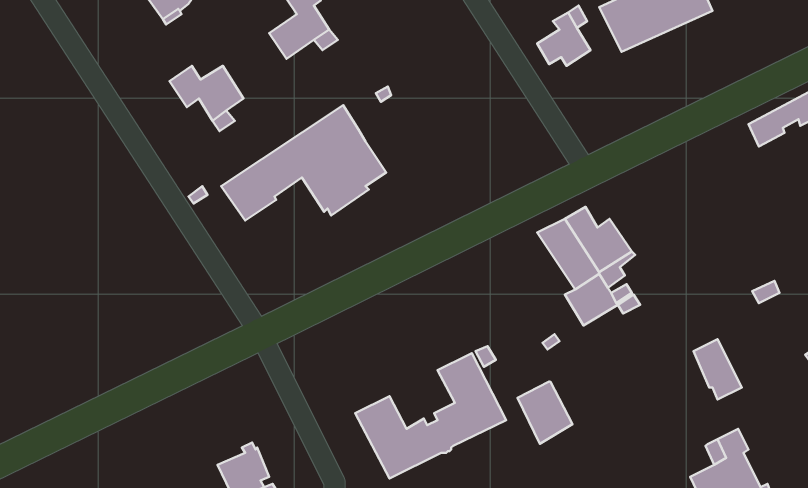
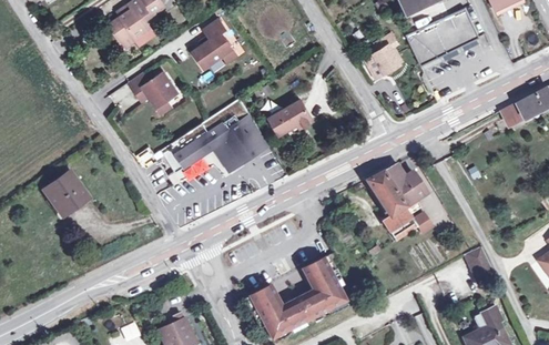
building: none -> [268,99,313,134]
building: none -> [42,171,88,215]
building: [517,381,573,444] -> none

